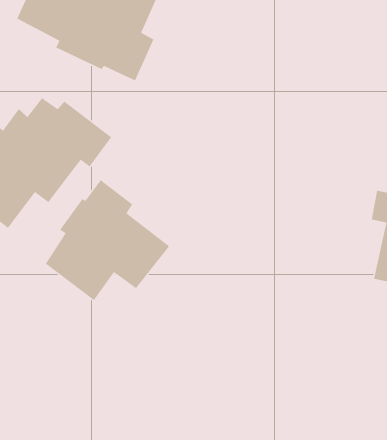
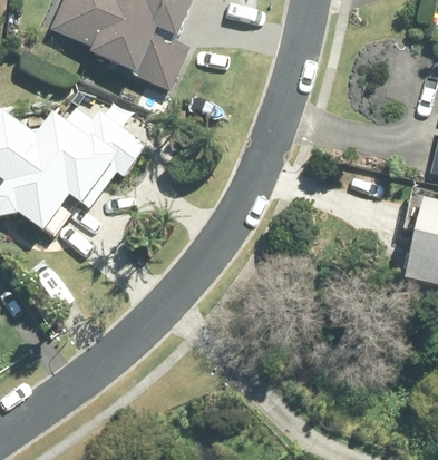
building: [45,179,170,301] -> none

